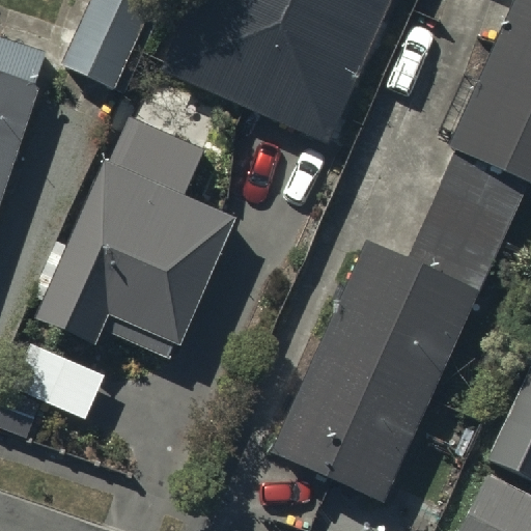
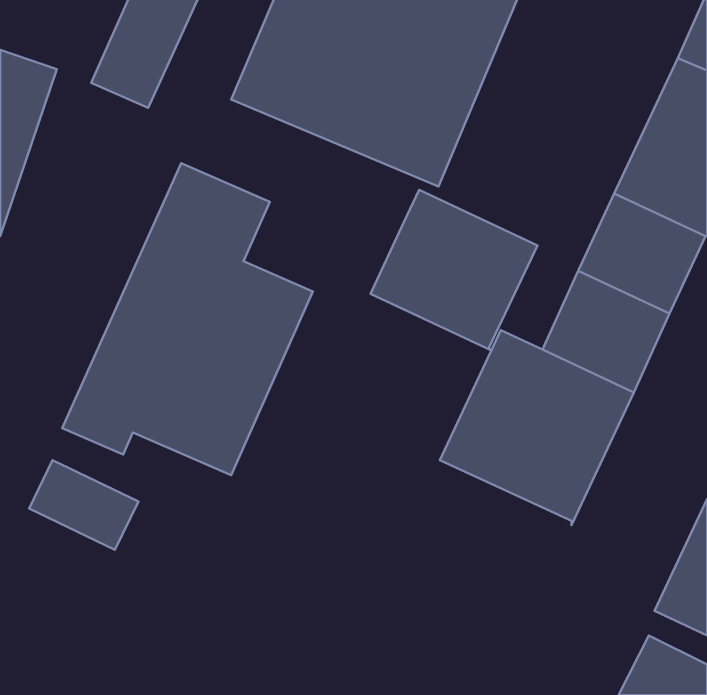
building: none -> [370,190,538,350]
building: [282,345,428,493] -> none

